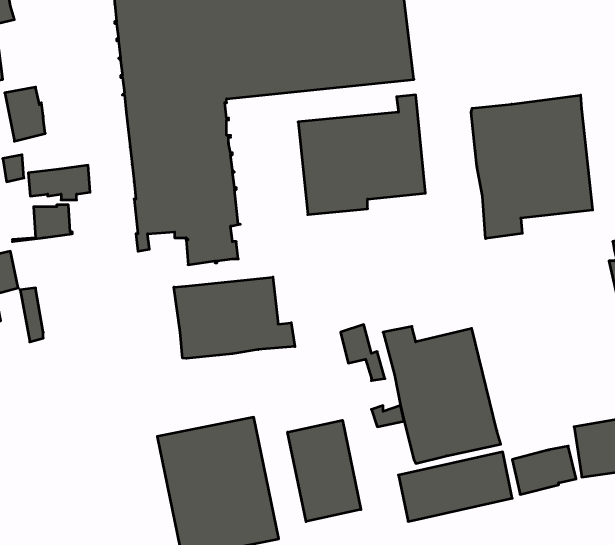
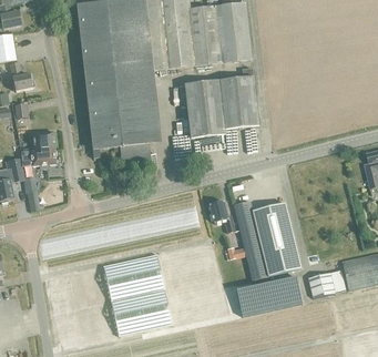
building: [471,95,593,239] -> none
building: [28,165,90,200] -> [21,149,57,169]
building: [174,277,295,358] -> none
building: [288,420,361,522] -> none

